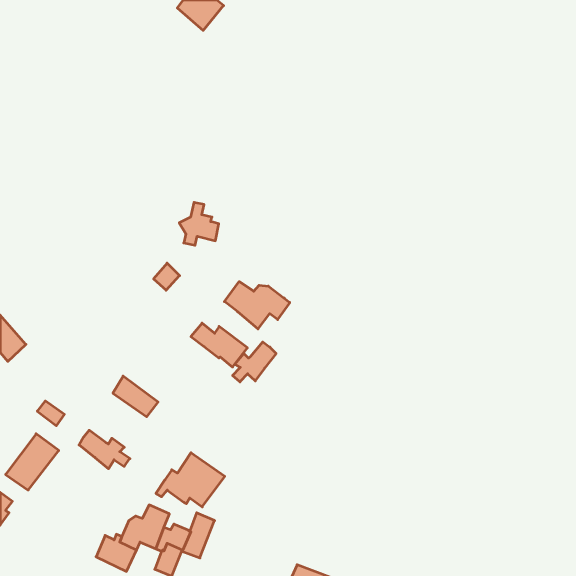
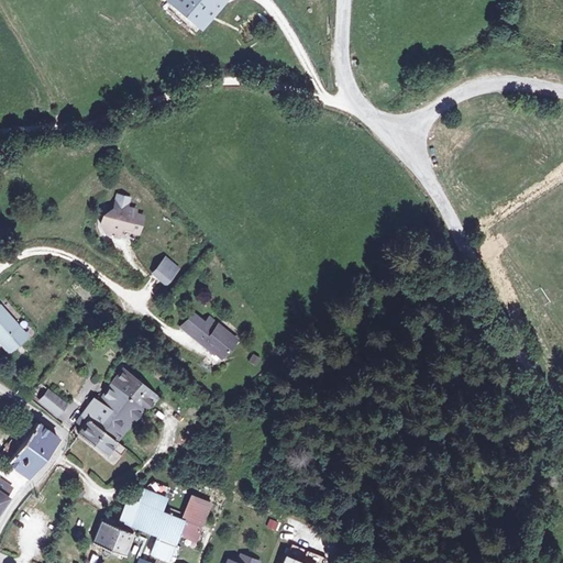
building: [179,202,219,245] -> [102,195,141,236]
building: [224,282,290,329] -> none
building: [233,342,276,382] -> none
building: [156,453,225,507] -> [77,384,144,437]

